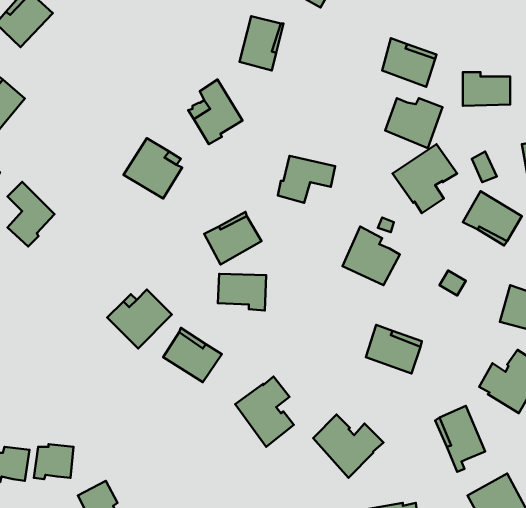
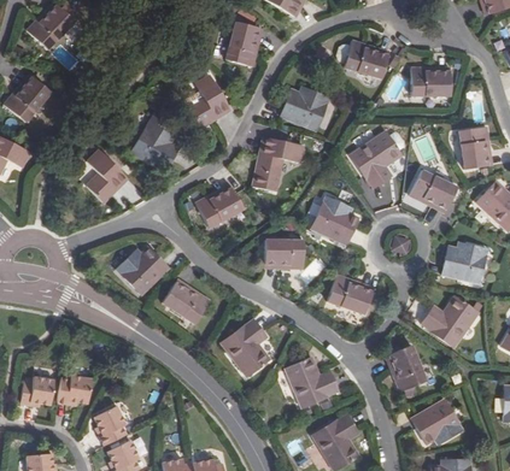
building: [385,98,442,148] -> [282,90,329,131]
building: [8,182,55,247] -> [87,149,125,202]
building: [218,274,266,311] -> [262,239,301,269]

